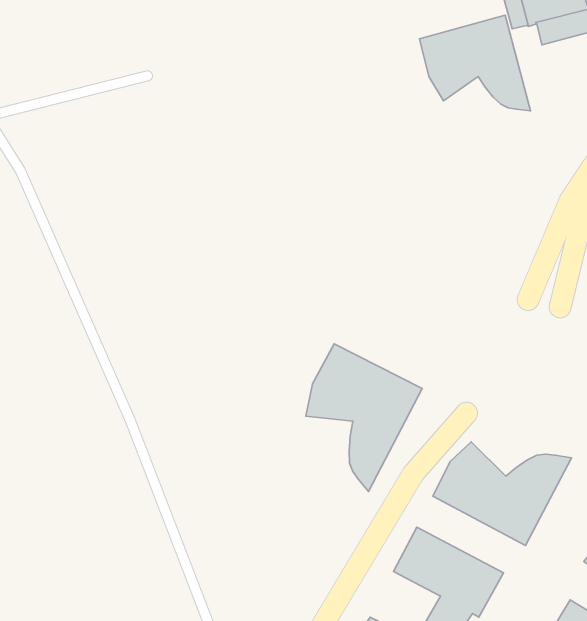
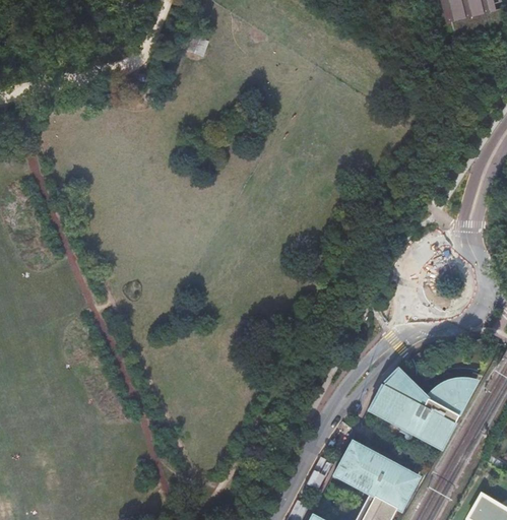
building: [419,15,530,111] -> none
building: [306,344,422,491] -> none

